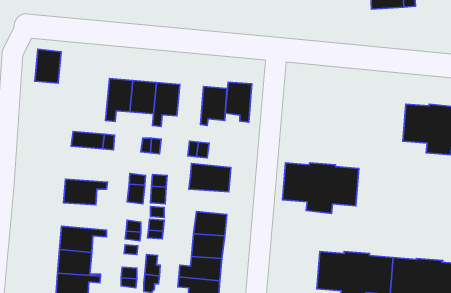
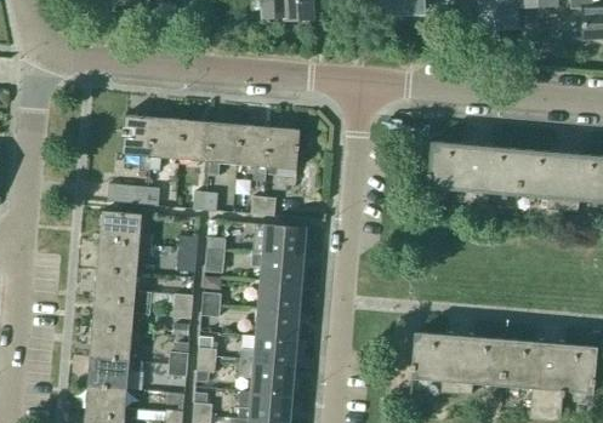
building: [35,49,61,83] -> [121,114,154,156]
building: [225,82,252,122] -> [238,125,271,175]
building: none -> [99,211,152,246]
building: [283,163,359,214] -> [427,142,522,205]
building: none -> [251,255,302,286]
building: none -> [95,271,152,305]

